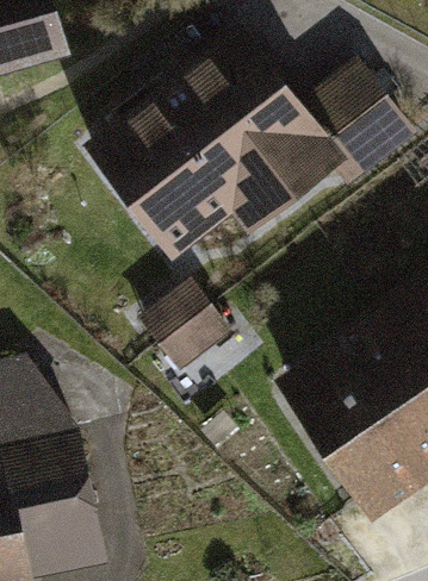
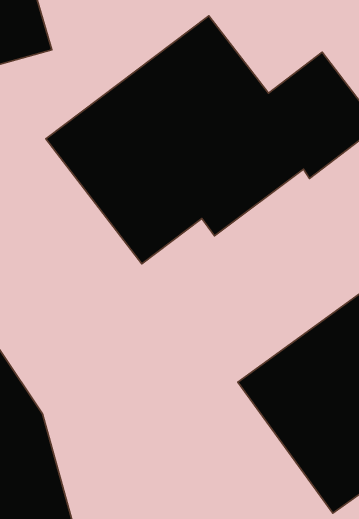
building: [137,279,234,374] -> none

